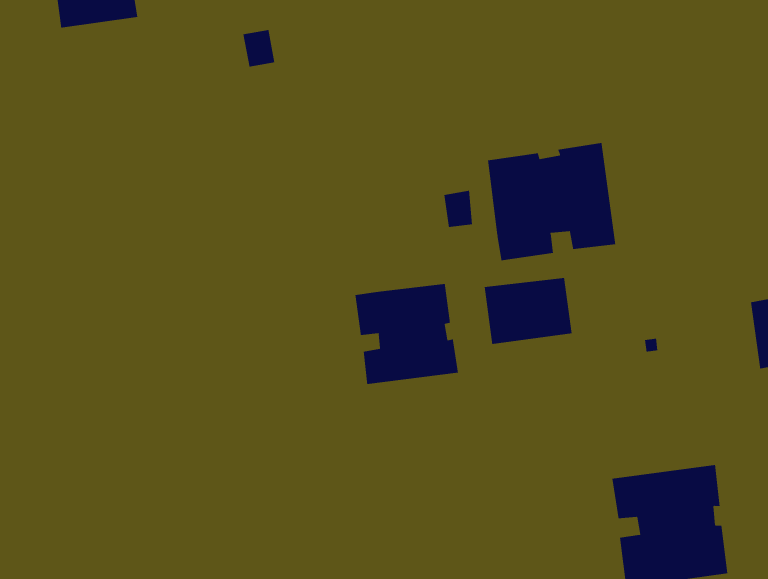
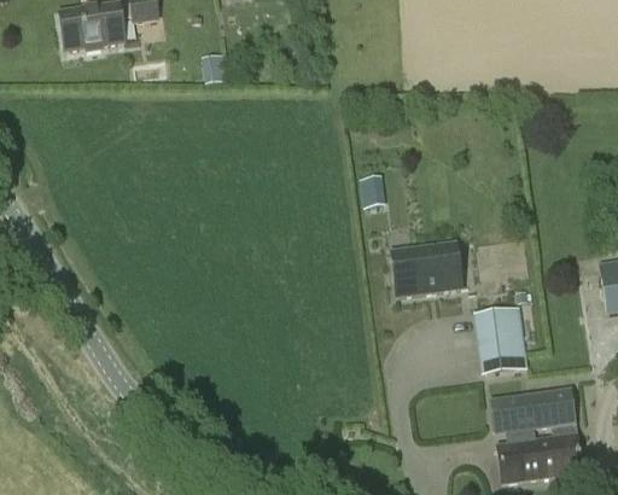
building: [487,142,616,261] -> none
building: [355,283,459,385] -> none
building: none -> [473,305,526,372]

